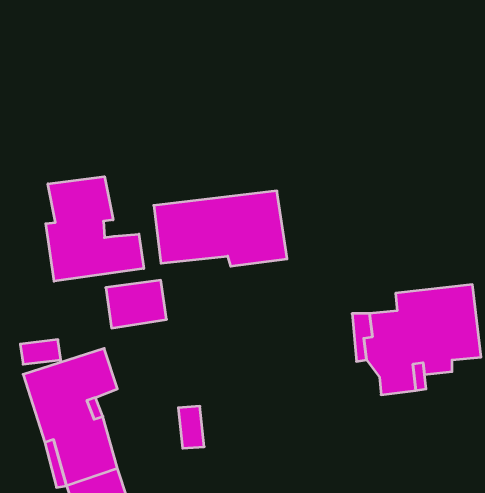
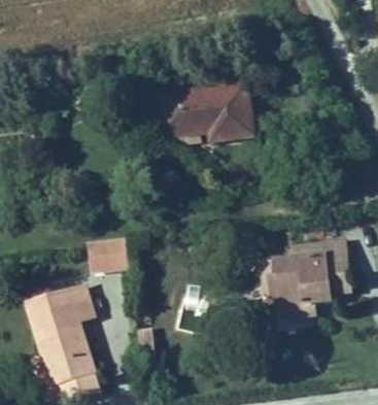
building: [46,177,144,281] -> none
building: [154,191,287,266] -> [159,86,253,139]

